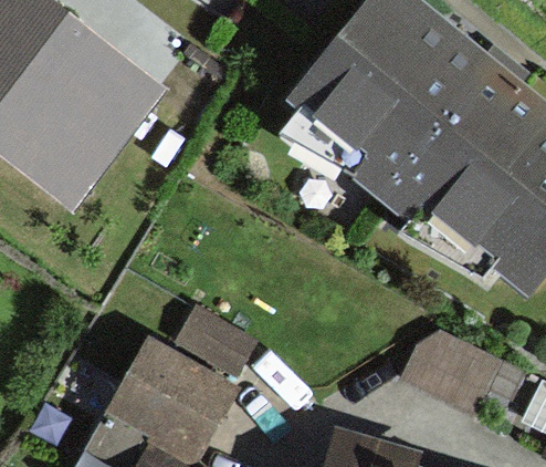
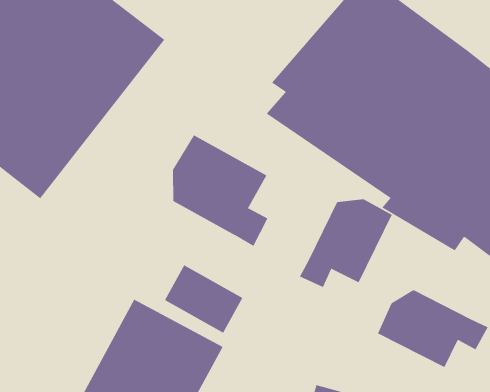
building: none -> [172,135,268,247]
building: none -> [299,198,392,288]

